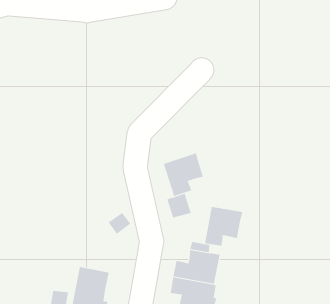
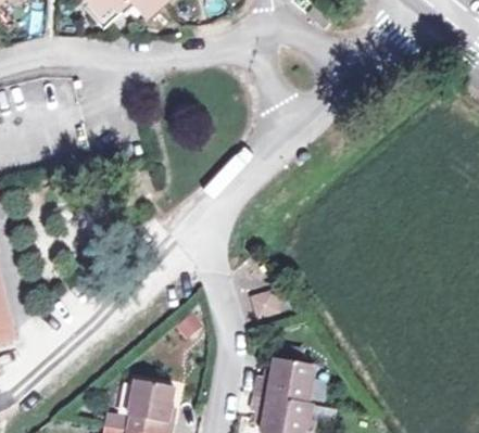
building: [163,153,203,197] -> none
building: [204,206,243,247] -> none

